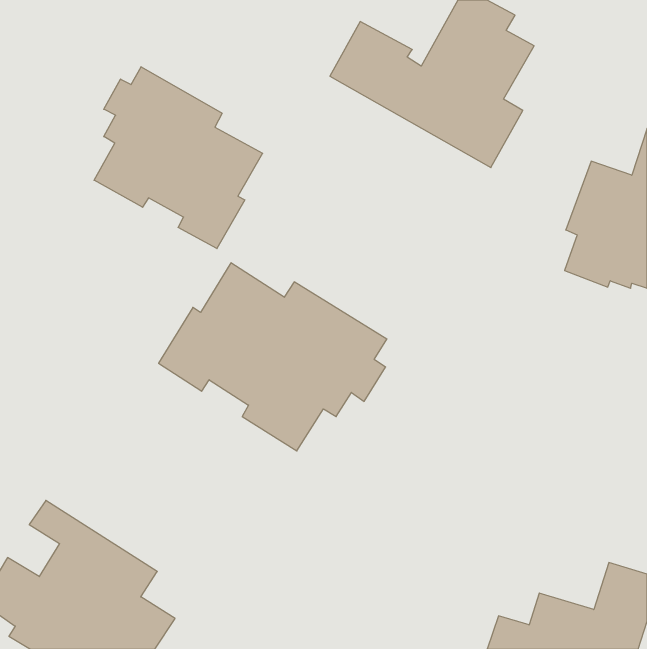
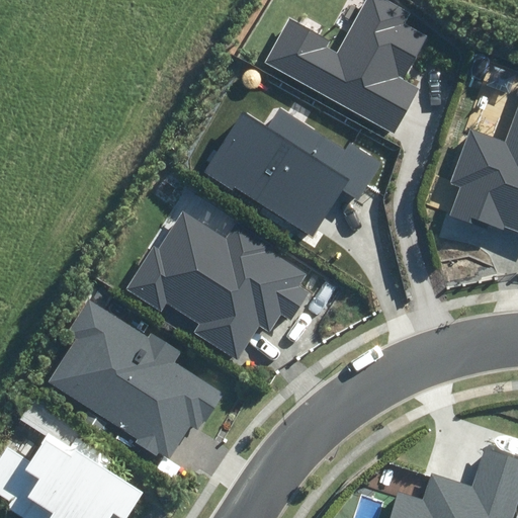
building: [94,67,263,249] -> none
building: none -> [203,106,380,237]
building: none -> [48,298,223,457]

